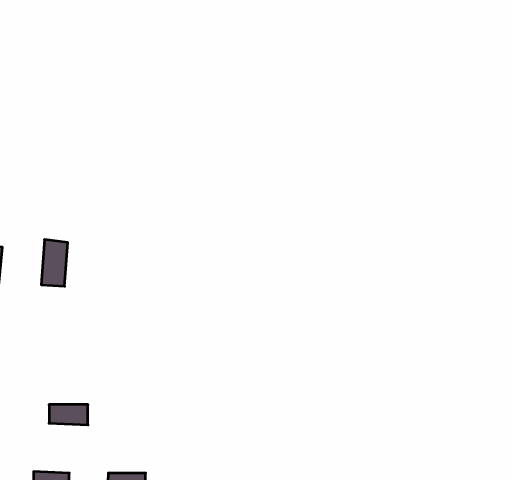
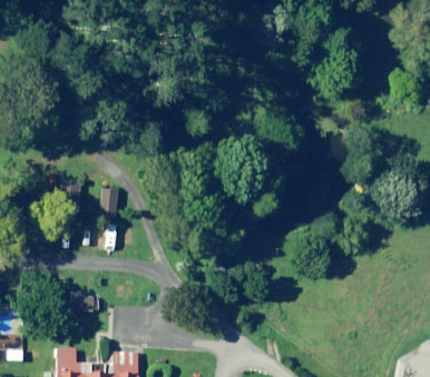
building: none -> [97,186,117,219]

